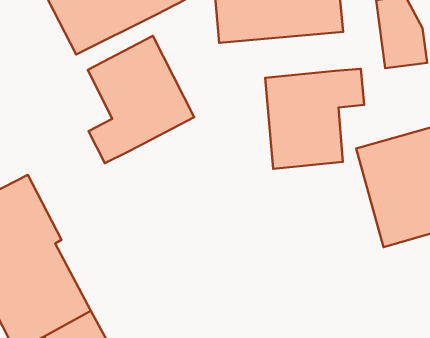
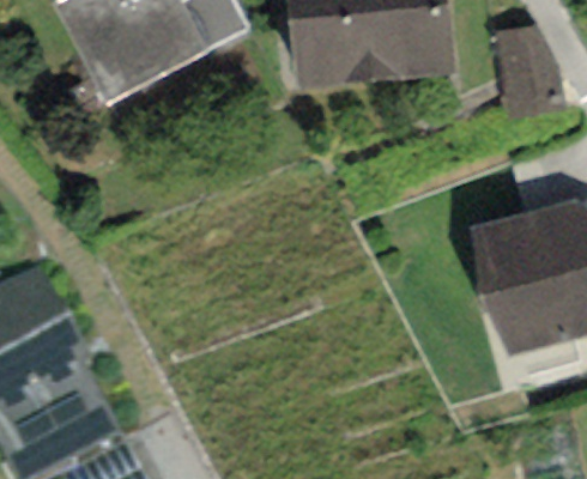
building: [88,36,194,163] -> none
building: [265,69,364,169] -> none

